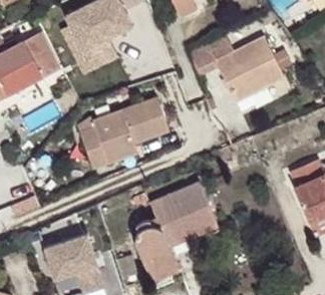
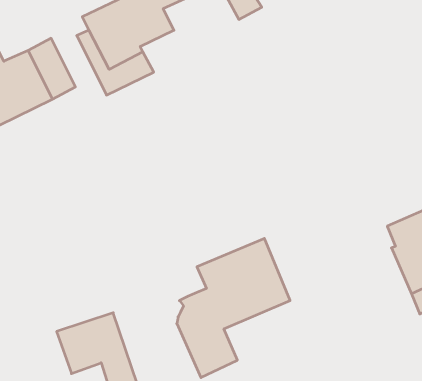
building: [210,35,285,101] -> none
building: [80,95,170,168] -> none

